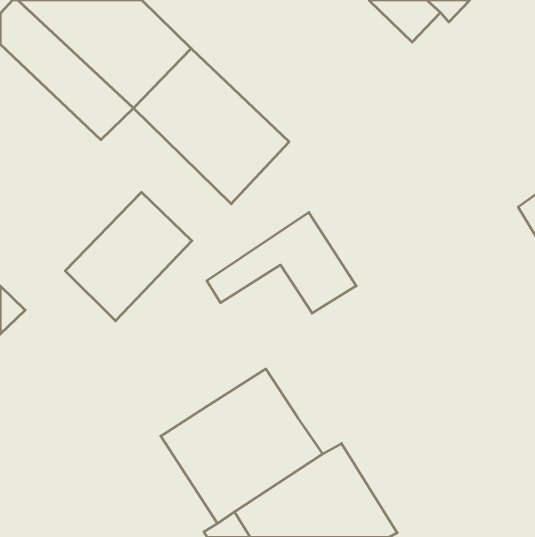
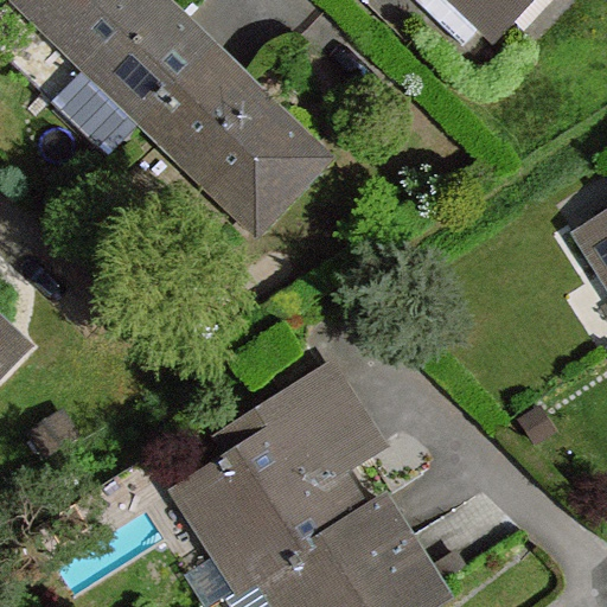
building: [65,192,192,321] -> none
building: [207,212,356,313] -> [219,357,388,471]

